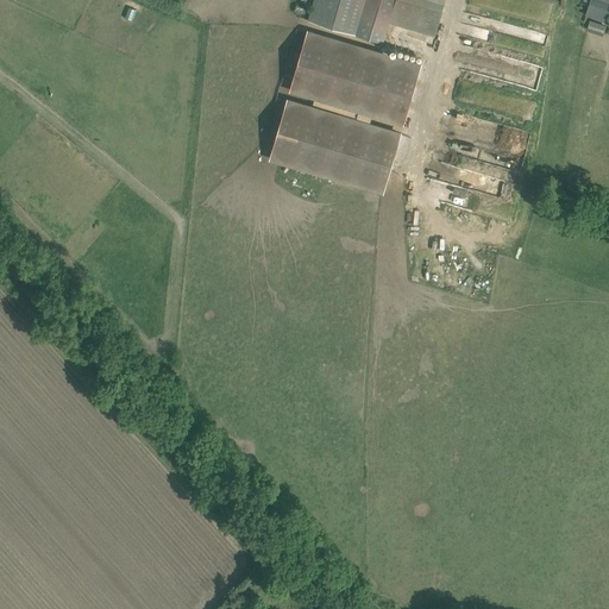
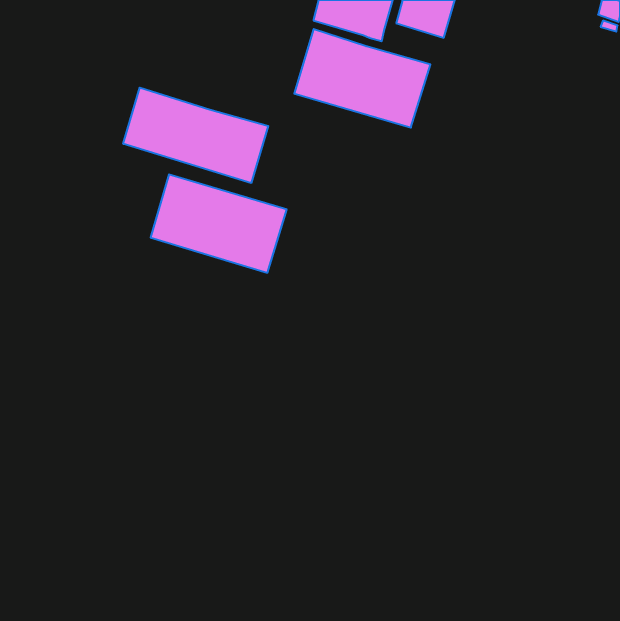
building: none -> [123,88,268,183]
building: [268,98,401,194] -> [151,174,287,273]

